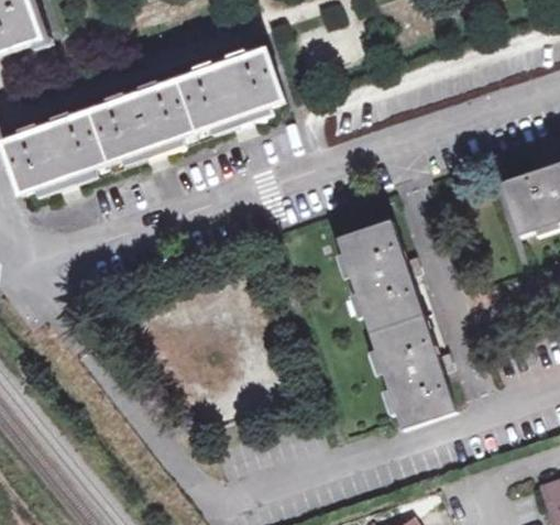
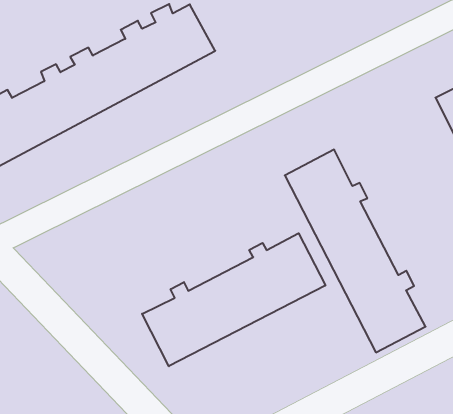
building: none -> [142,233,325,366]

